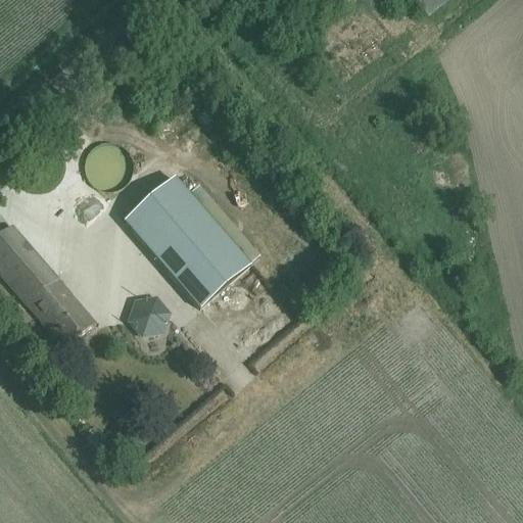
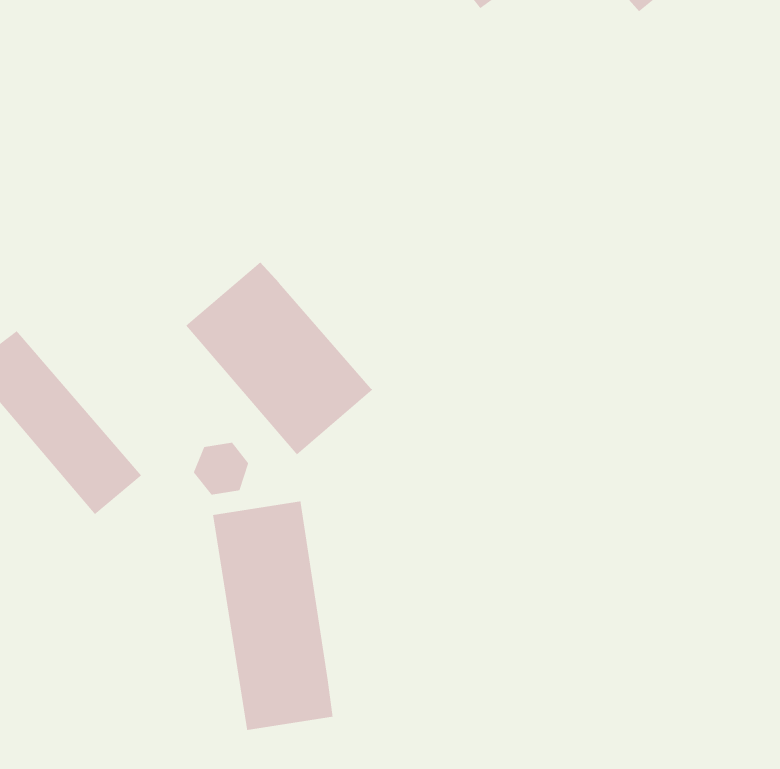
building: none -> [212,501,333,731]

